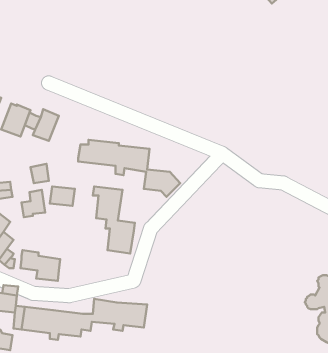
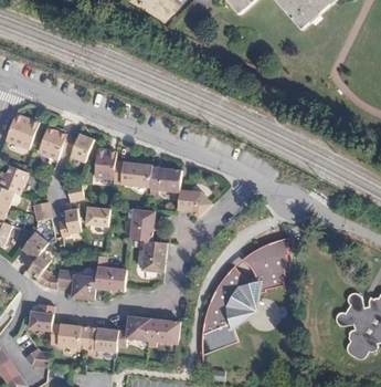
building: none -> [95,149,116,179]
building: none -> [202,241,293,354]
building: none -> [94,254,127,292]

